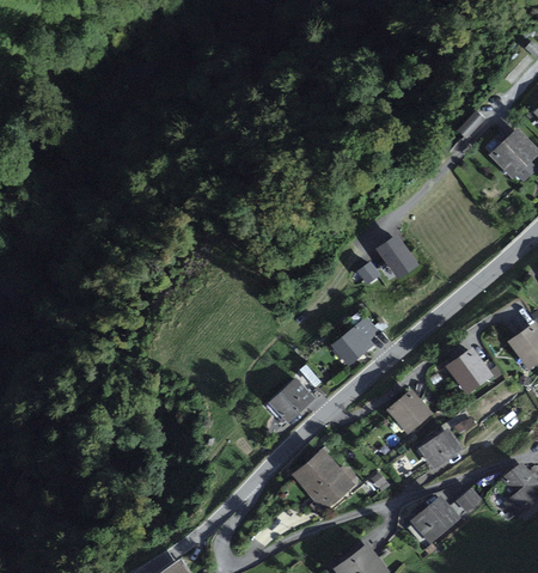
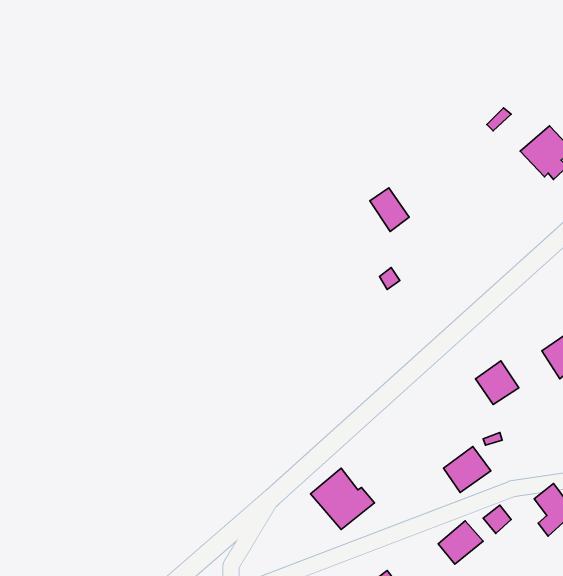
building: [377,236,414,276] -> [370,188,409,231]
building: [334,319,377,365] -> none
building: [271,379,316,422] -> none
building: [387,391,428,432] -> none

